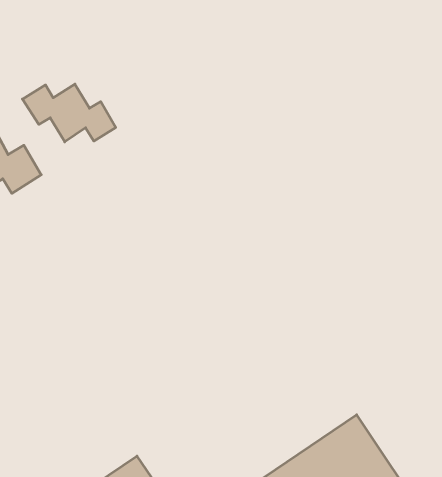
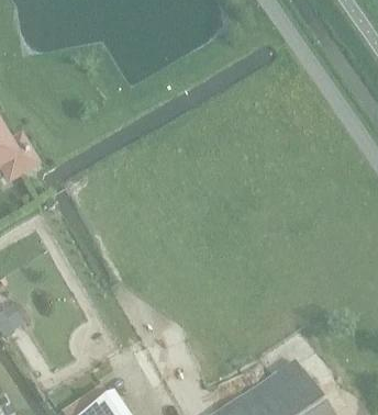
building: [22,84,116,142] -> none

